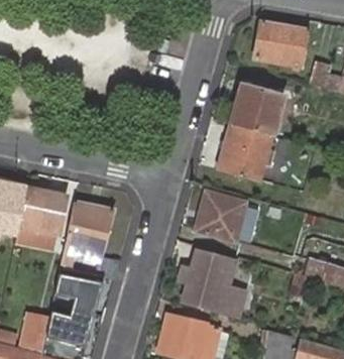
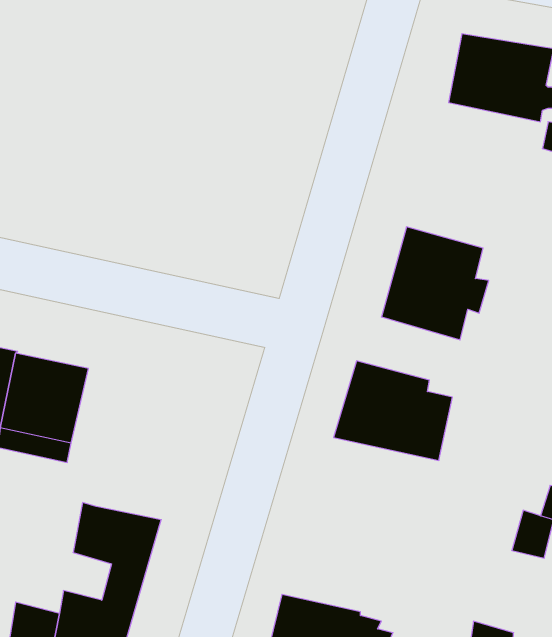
building: [233,84,283,132] -> none
building: [63,199,113,268] -> none
building: [184,251,254,319] -> none

